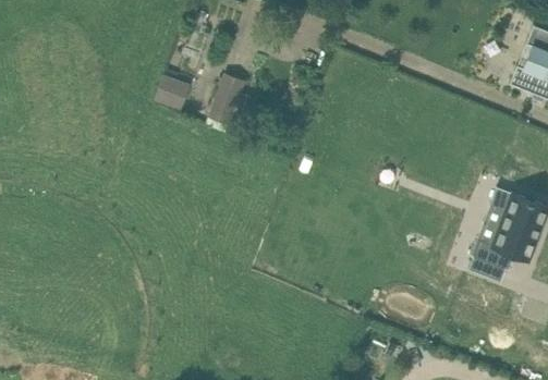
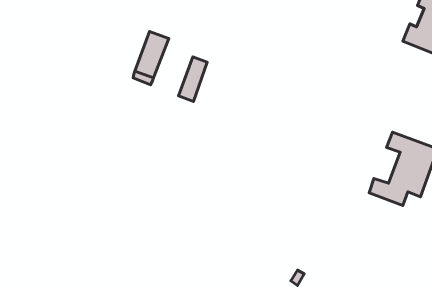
building: [154,74,190,109] -> none
building: none -> [179,57,207,101]

